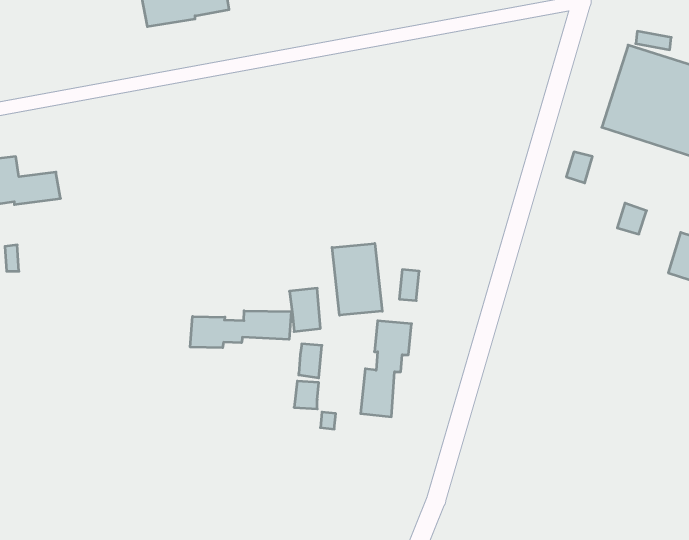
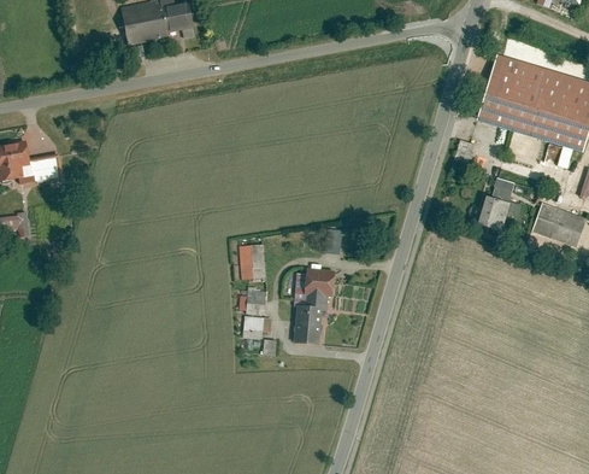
building: none -> [479,195,510,228]
building: [332,243,382,315] -> none
building: [190,311,291,348] -> none

